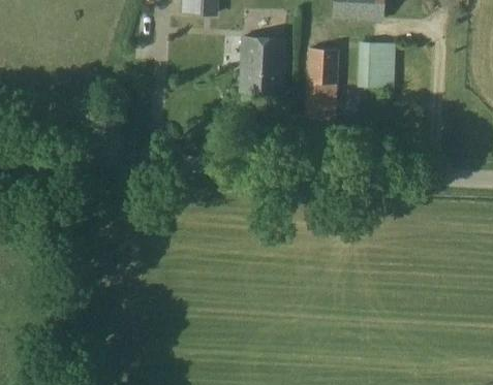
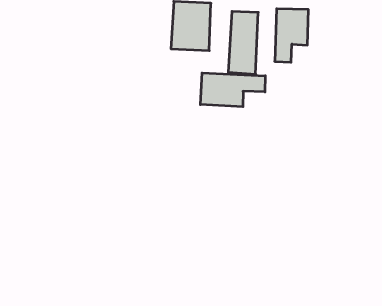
building: none -> [200,73,265,107]

